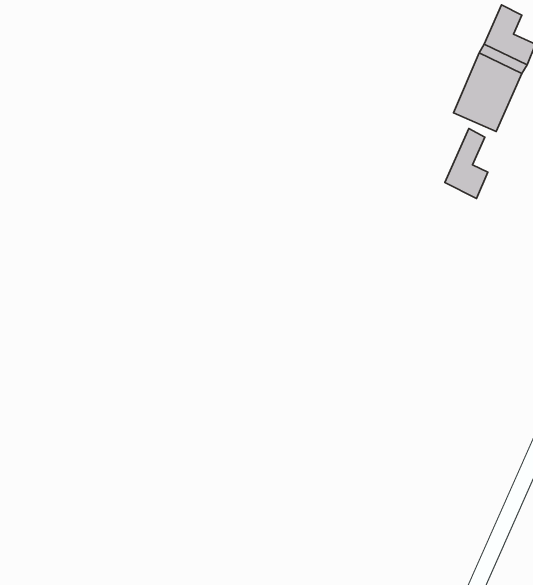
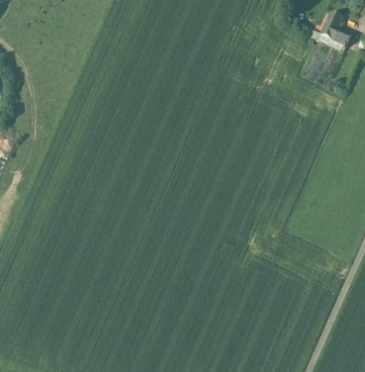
building: [445,128,488,199] -> none

